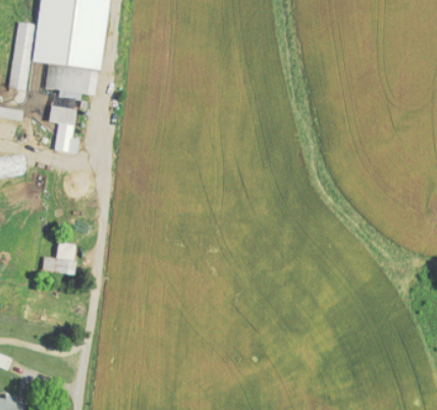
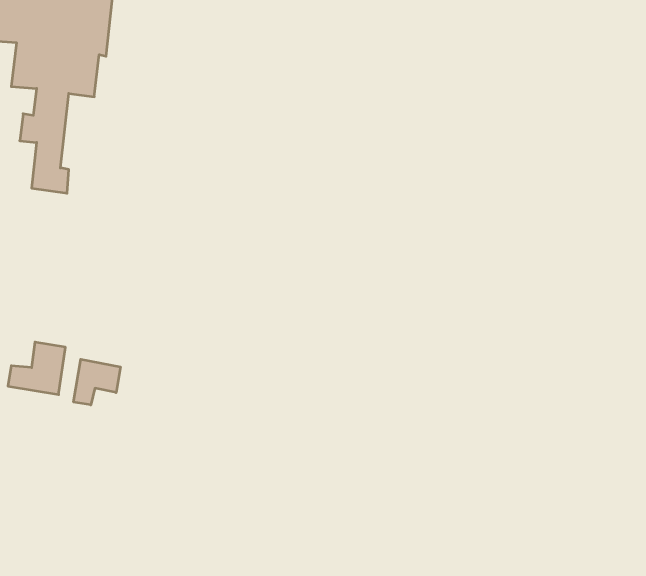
building: none -> [74,359,120,405]

